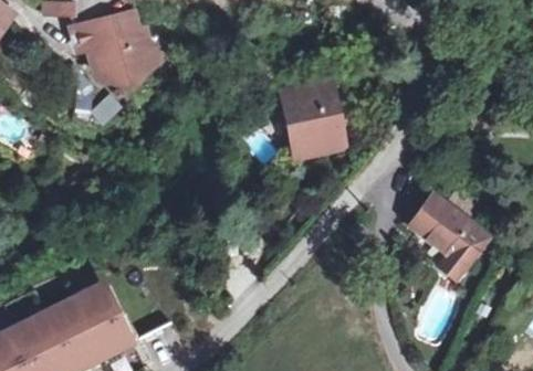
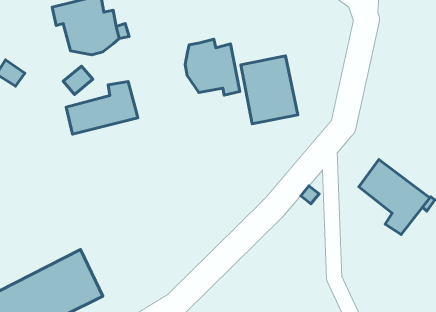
building: none -> [185,39,240,95]
building: none -> [66,81,138,134]

